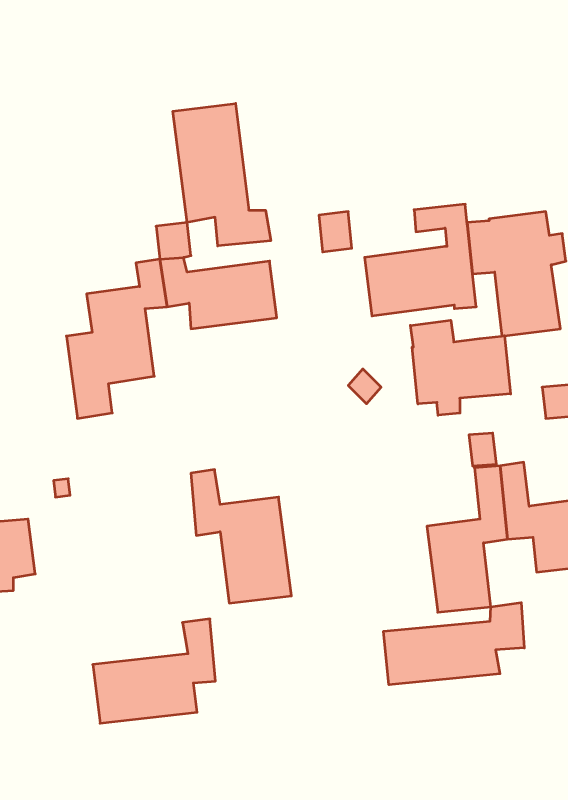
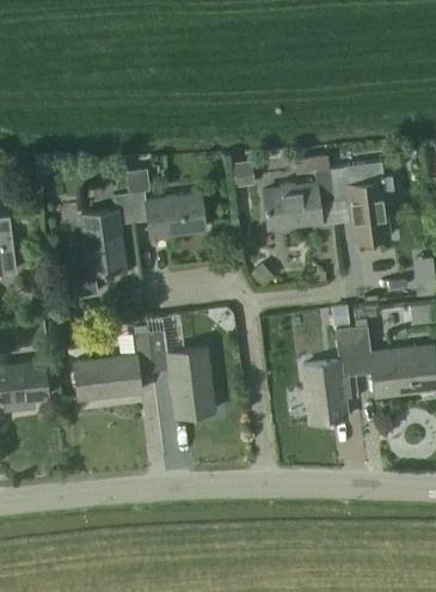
building: [173,103,271,246] -> none
building: [410,320,511,415] -> none
building: [384,603,524,685] -> none
building: [93,619,215,723] -> [73,332,153,401]

